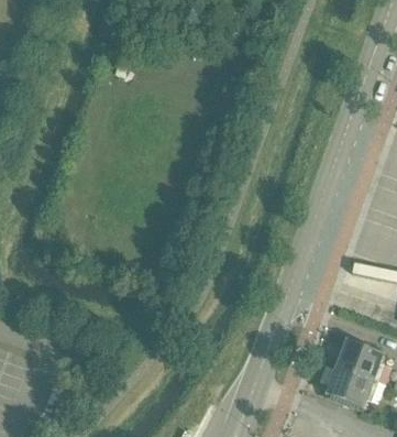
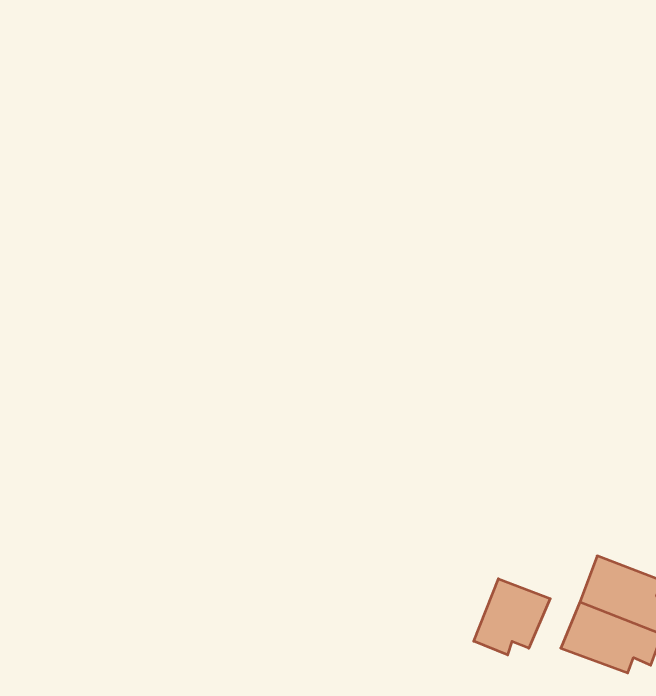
building: none -> [474,579,550,655]

